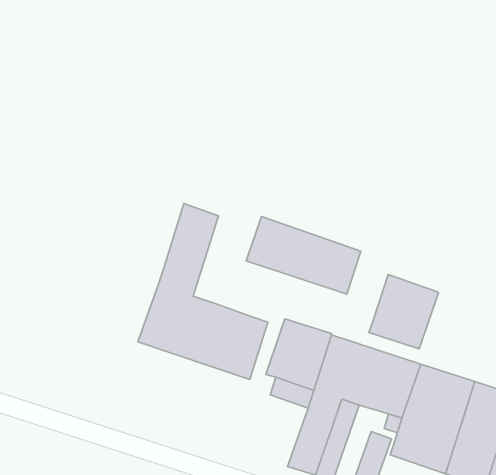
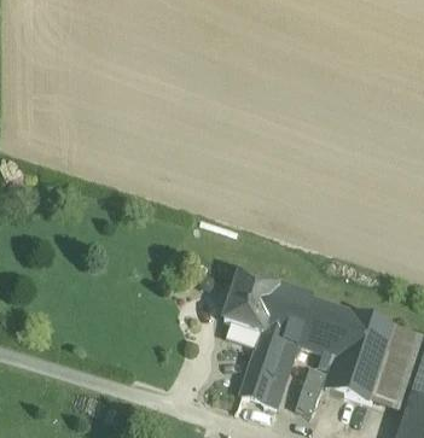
building: [138,204,268,380] -> none
building: [246,217,361,294] -> none
building: [369,274,439,349] -> none

